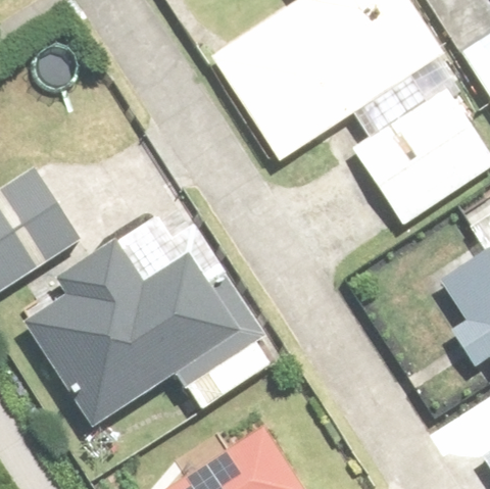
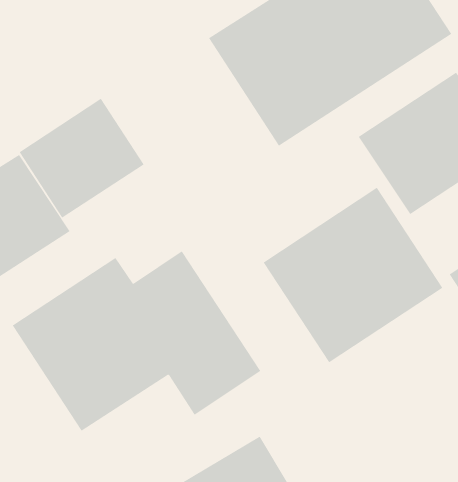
building: none -> [19,98,144,219]
building: none -> [263,187,443,363]

